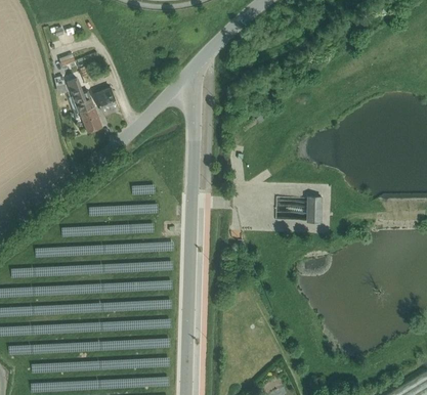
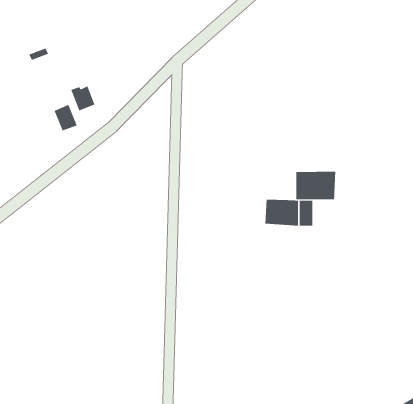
building: [70,79,94,114] -> none
building: none -> [295,171,336,200]

